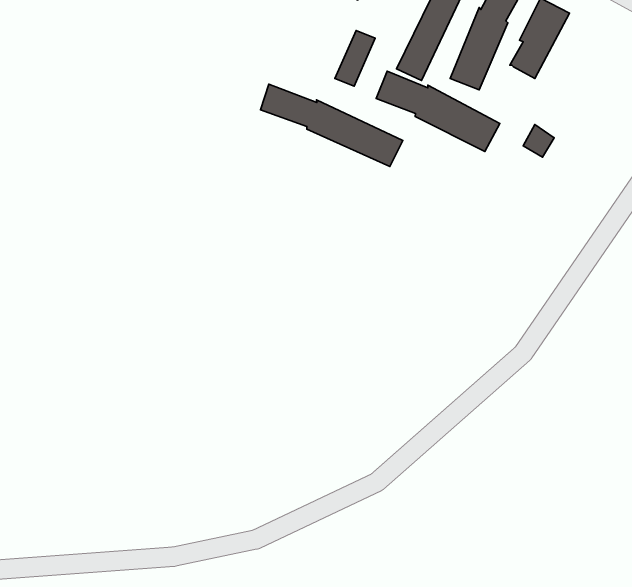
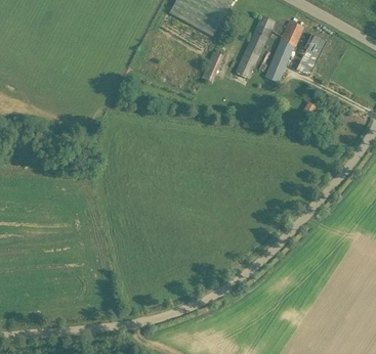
building: [376,71,500,152] -> none
building: [261,84,403,167] -> none

